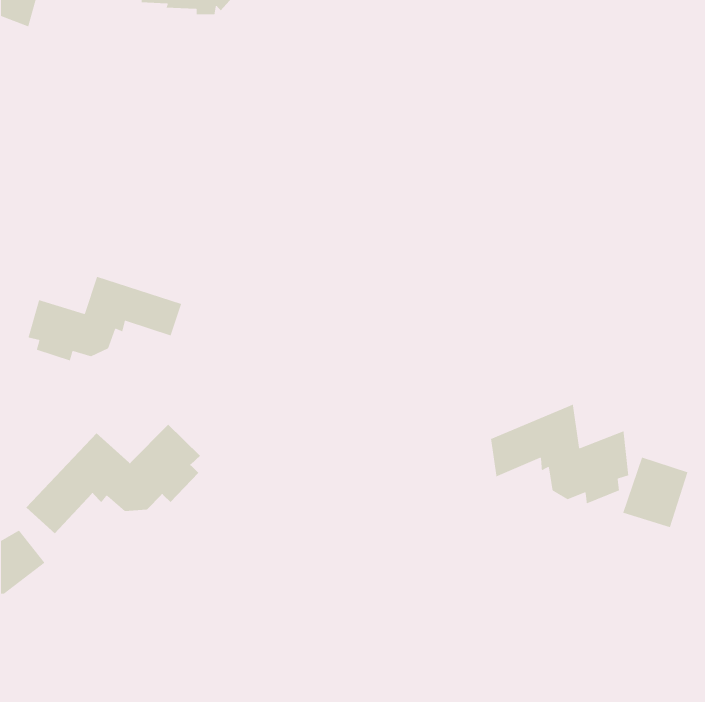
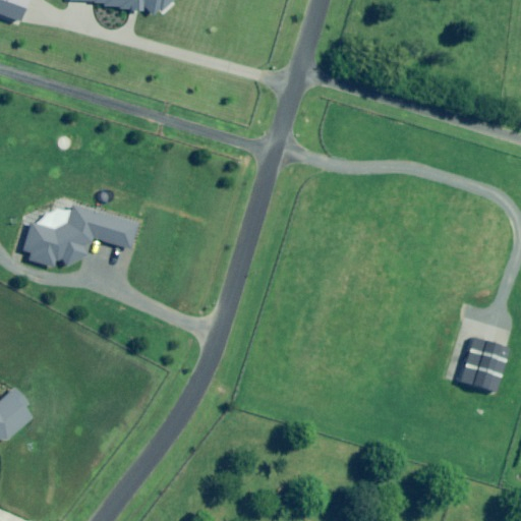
building: [490,404,629,505] -> none
building: [25,424,201,534] -> none

